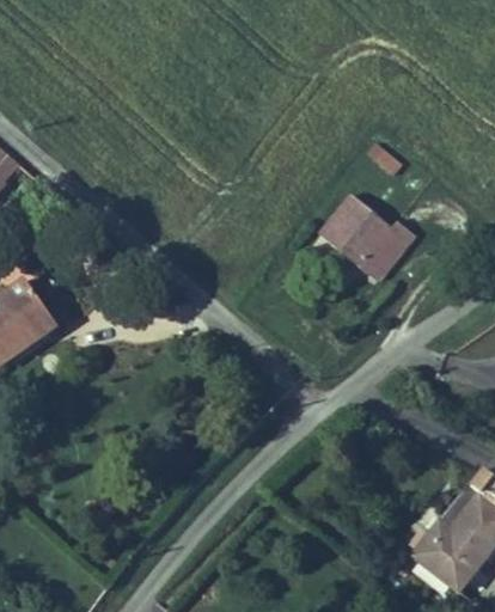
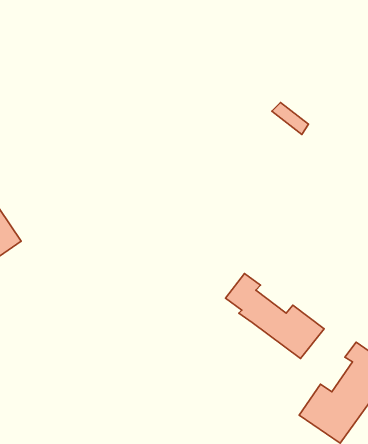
building: [323,197,427,287] -> none
building: none -> [225,274,324,358]

